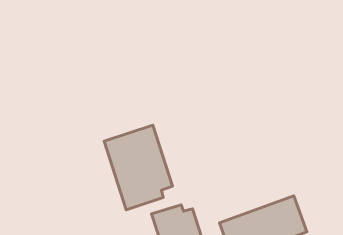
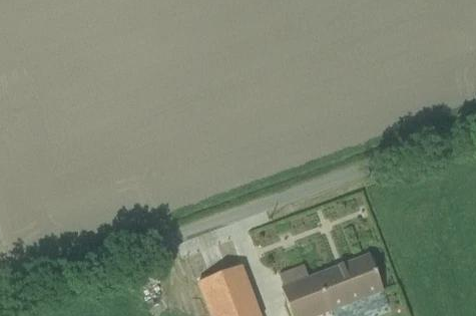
building: [104,125,173,210] -> none

